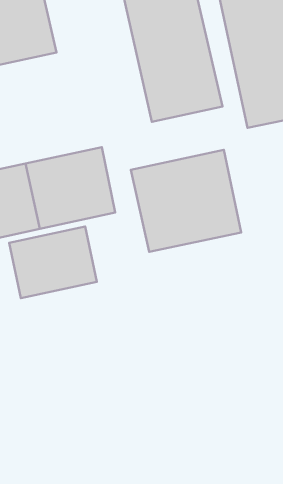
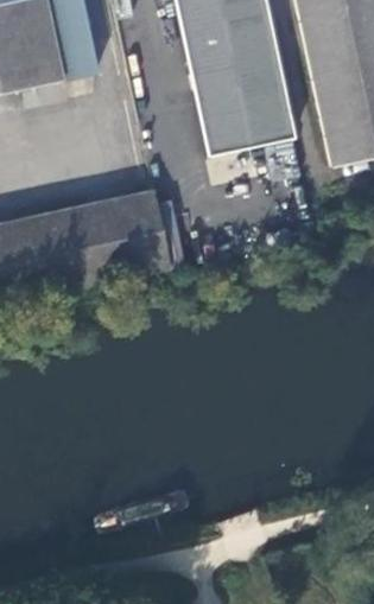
building: [131,150,241,252] -> none
building: [9,226,97,298] -> none

